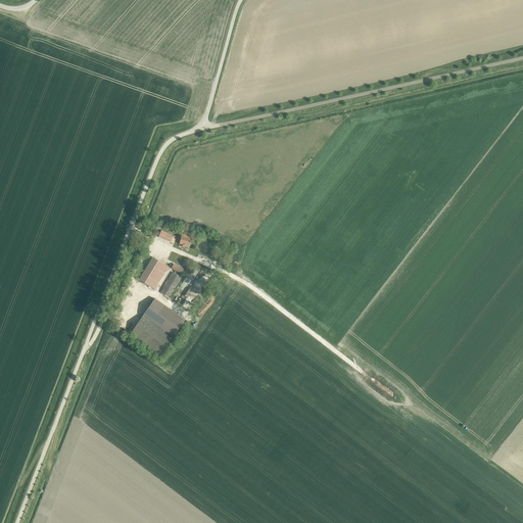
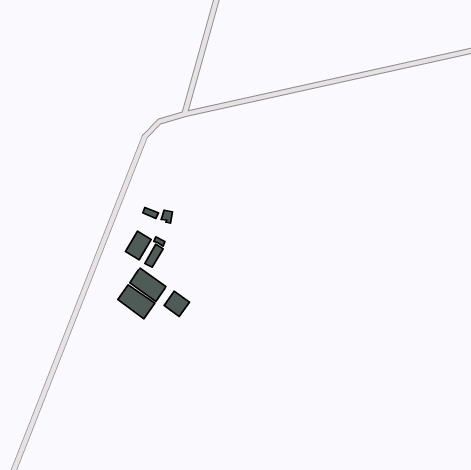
building: none -> [164,291,189,316]

